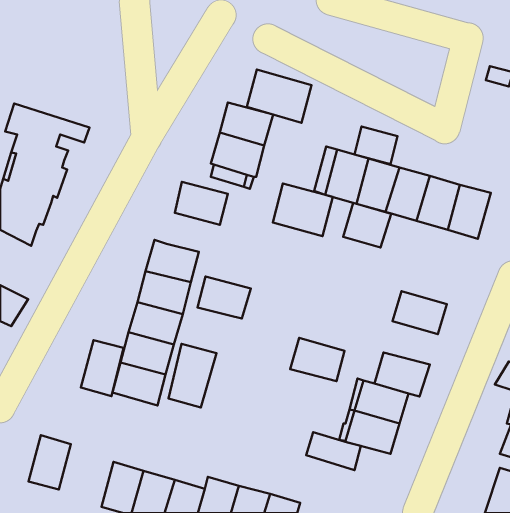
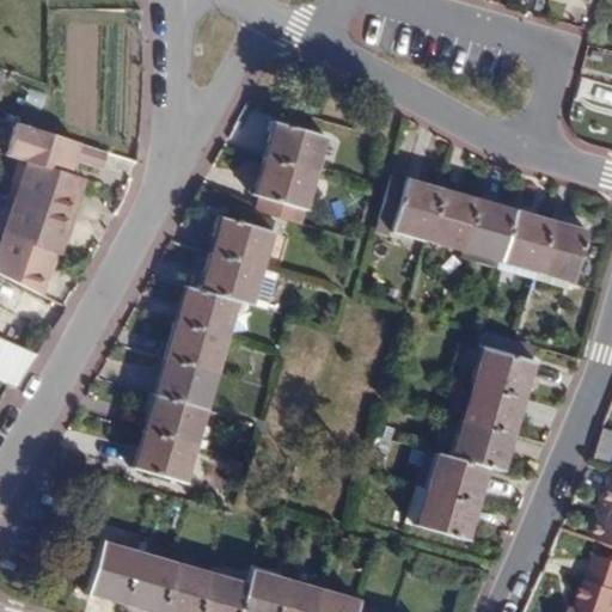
building: [247,69,311,123] -> none
building: [354,126,397,164] -> none
building: [273,183,333,236] -> none
building: [343,203,391,247] -> none
building: [198,276,251,319] -> [202,253,265,304]
building: [290,338,344,381] -> [460,382,525,434]
building: [81,340,123,396] -> none
building: [168,344,217,408] -> none
building: [306,432,361,470] -> none
building: [29,435,71,490] -> [88,539,139,604]

